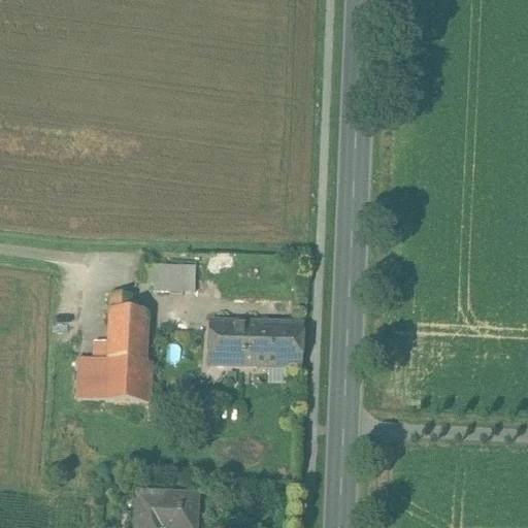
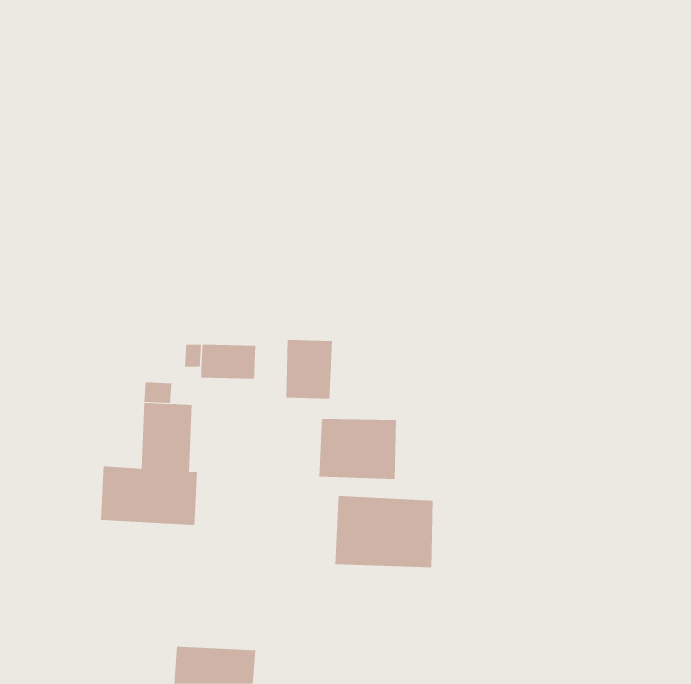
building: [209,318,245,363] -> [286,340,333,399]
building: none -> [335,495,433,568]

